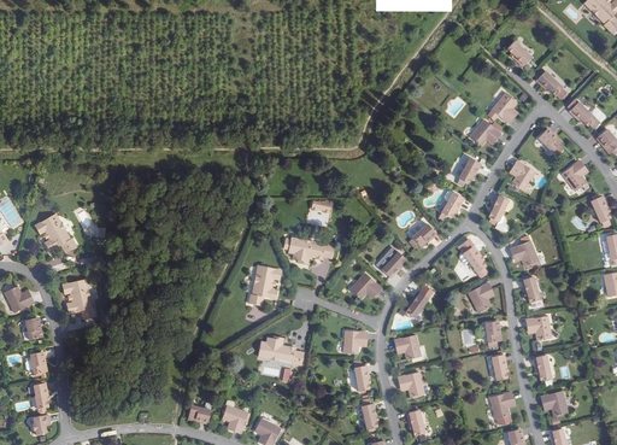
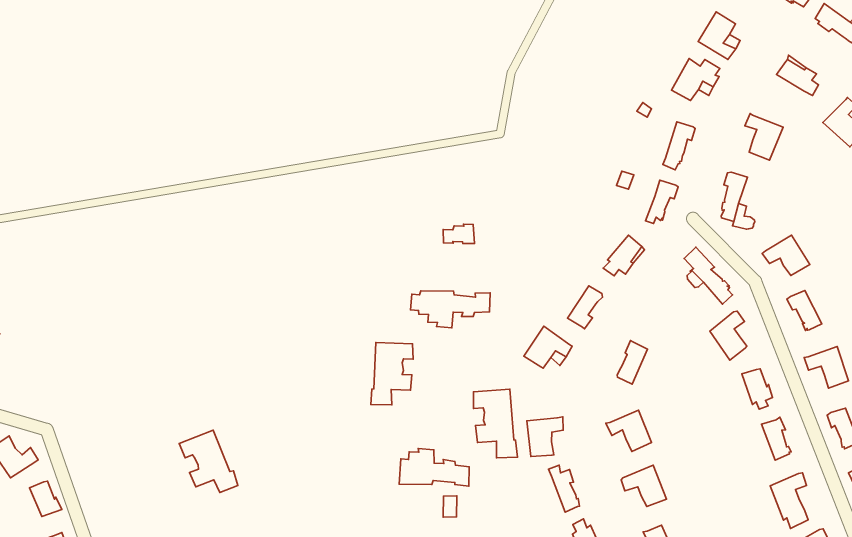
building: [34,212,76,252] -> none
building: [61,279,94,318] -> [179,430,238,492]
building: none -> [474,389,518,458]

